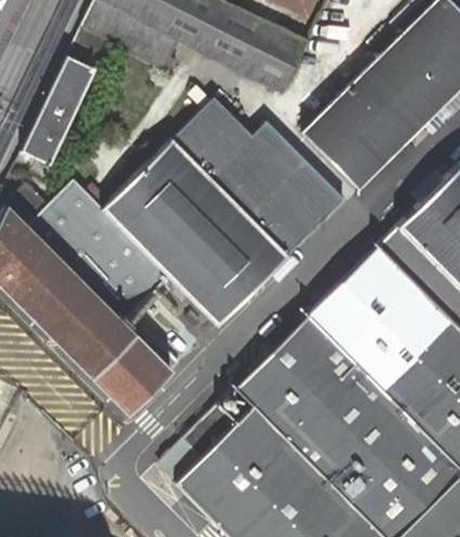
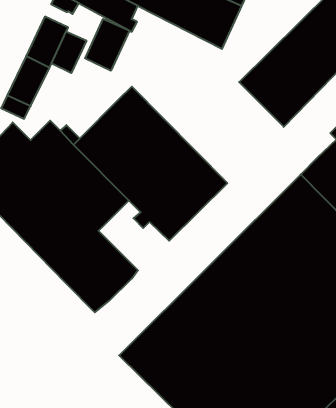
building: none -> [85,19,129,71]
building: none -> [52,32,86,73]
building: [173,96,346,258] -> none

